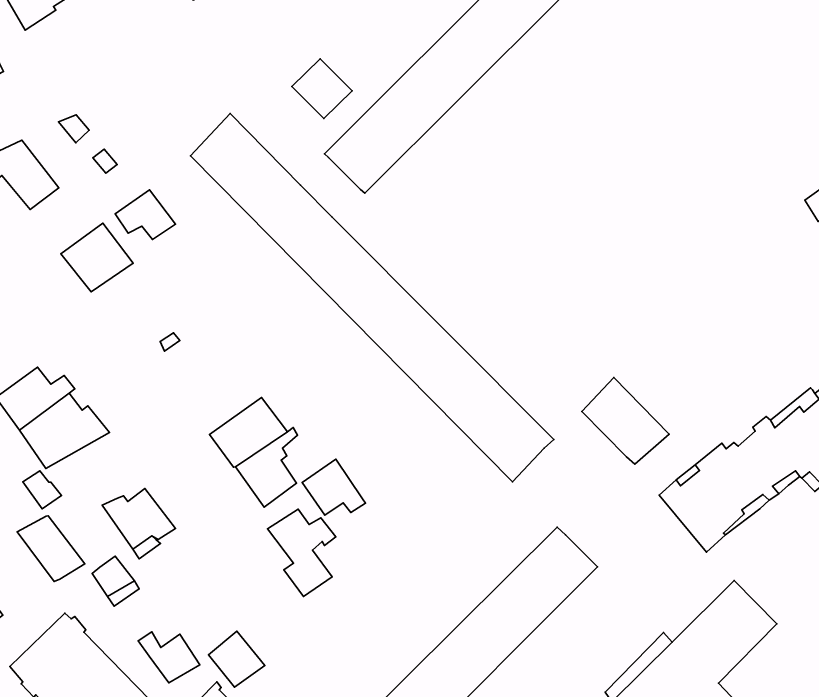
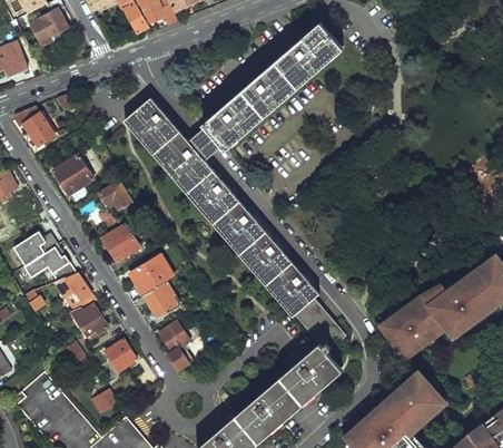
building: [292,59,352,119] -> [189,127,223,160]
building: [115,190,176,240] -> [99,182,132,210]
building: none -> [102,225,140,263]
building: [582,378,669,464] -> [297,296,345,345]
building: [302,459,366,515] -> none
building: [17,516,85,582] -> [58,273,95,310]
building: [208,631,265,687] -> [105,341,136,372]

